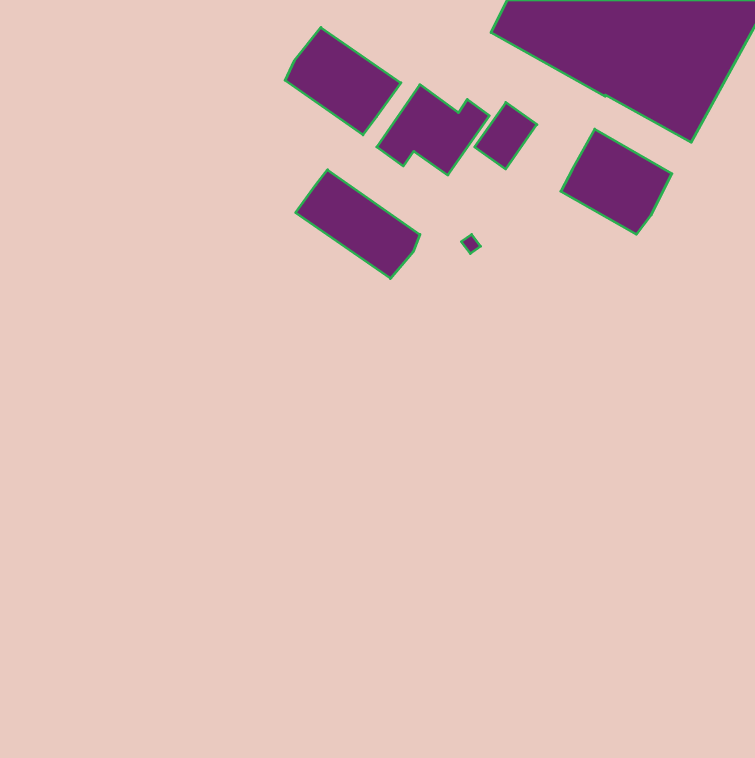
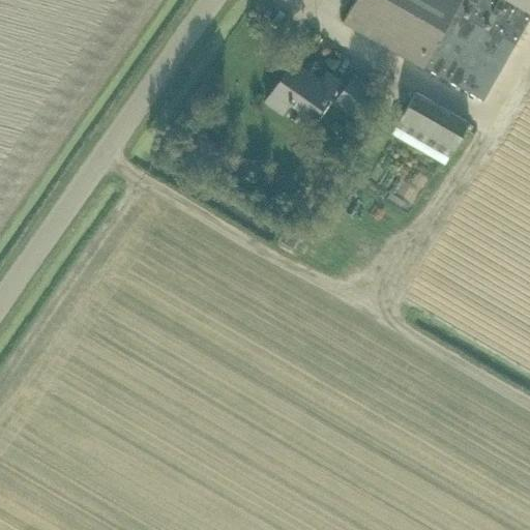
building: [285,27,401,135] -> none
building: [296,170,420,279] -> none

